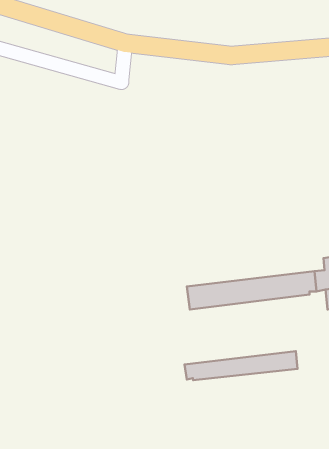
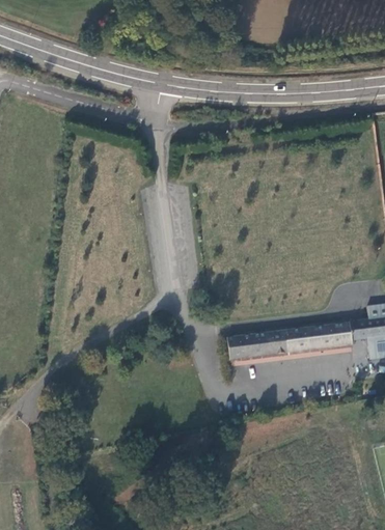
building: [185,351,298,380] -> none

